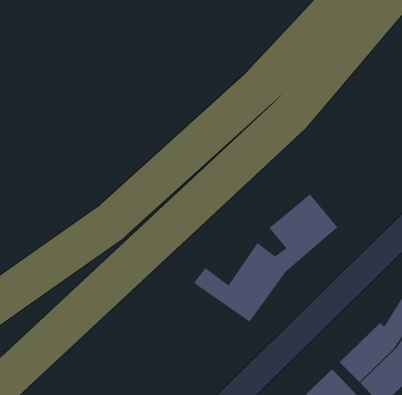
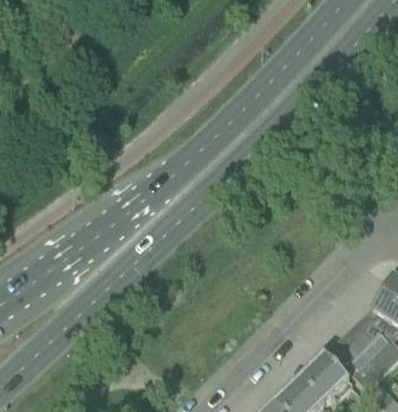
building: [193,193,338,323] -> none

